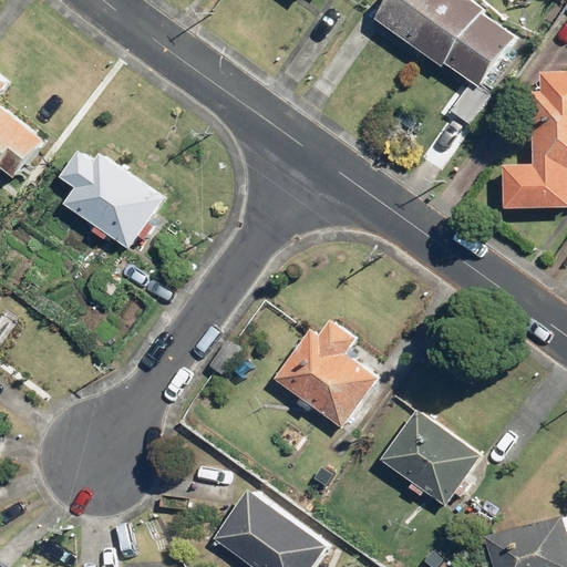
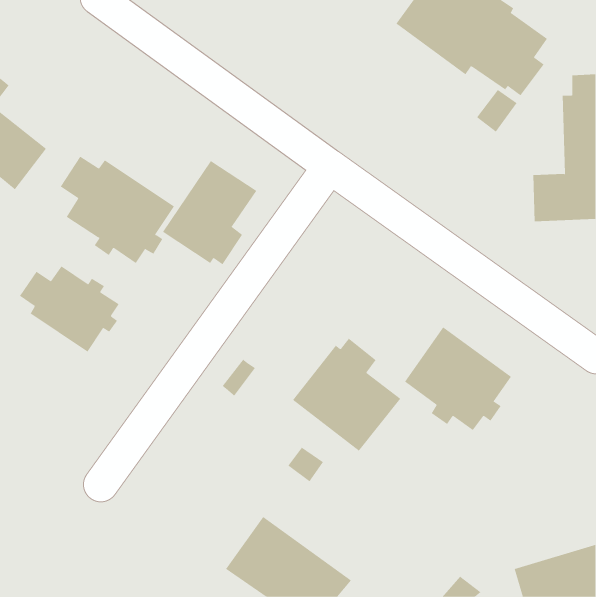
building: none -> [162,160,257,265]
building: none -> [19,265,120,352]
building: [380,408,482,506] -> [404,326,512,431]

